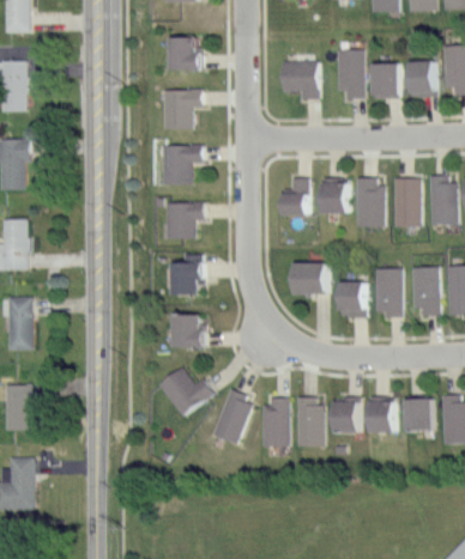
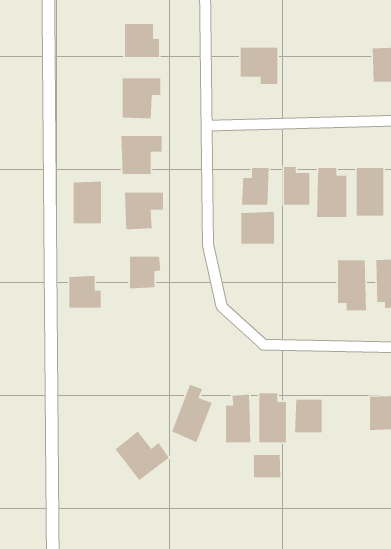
building: [336,48,363,98] -> none
building: [372,62,399,99] -> none
building: none -> [73,181,102,224]
building: [294,262,327,294] -> [240,211,275,244]
building: [338,281,366,318] -> none
building: [173,315,205,347] -> [68,275,102,308]
building: [159,367,213,417] -> [115,431,170,481]
building: [369,400,398,433] -> none
building: none -> [253,454,281,478]

